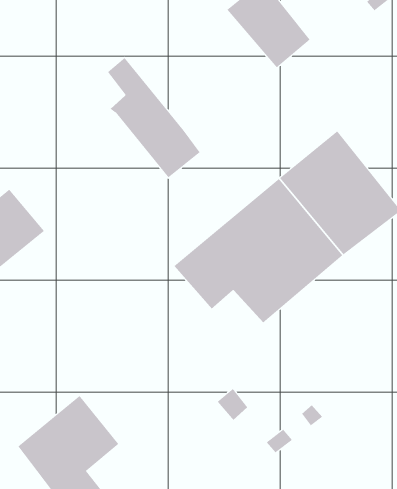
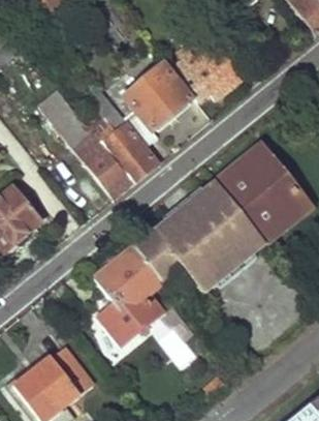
building: none -> [123,59,190,144]
building: none -> [38,94,132,196]
building: none -> [96,244,169,345]

